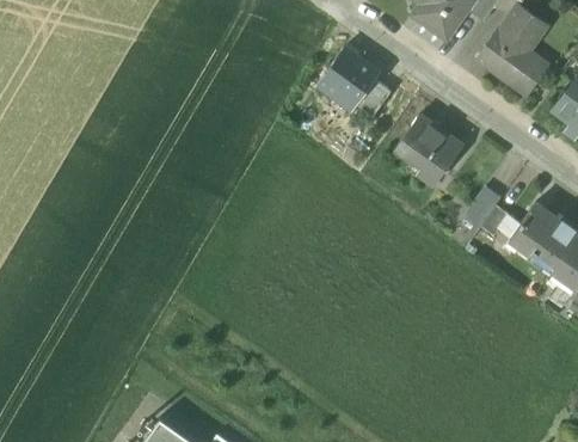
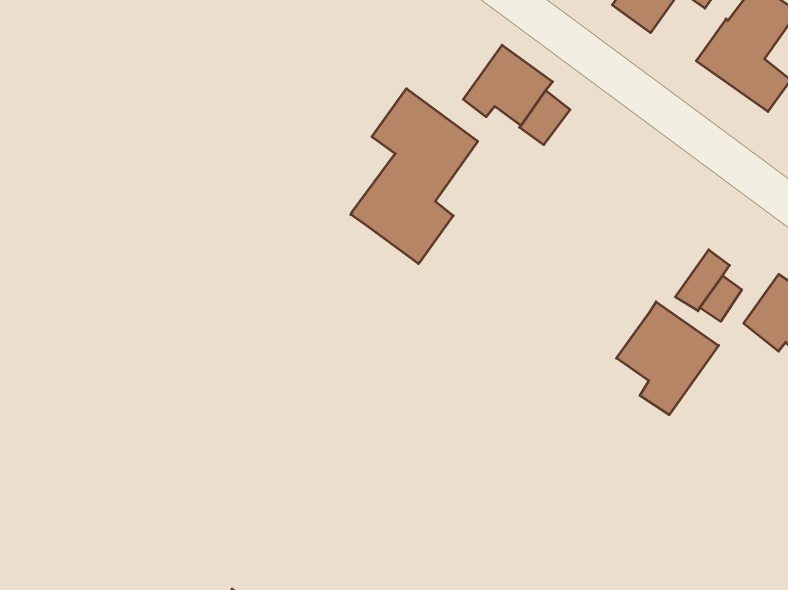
building: none -> [351,89,478,264]
building: [396,115,462,184] -> none
building: none -> [616,302,719,415]

